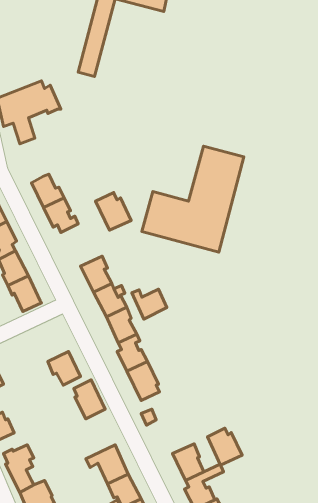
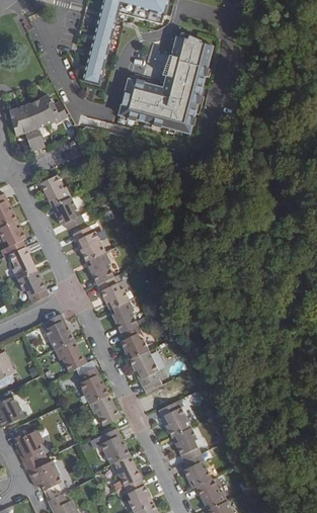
building: [142,146,244,252] -> [120,34,215,134]
building: [95,192,131,230] -> [72,226,105,261]
building: [132,289,167,319] -> none
building: none -> [44,314,74,350]
building: none -> [90,395,121,426]
building: [207,428,242,465] -> [159,402,191,436]

